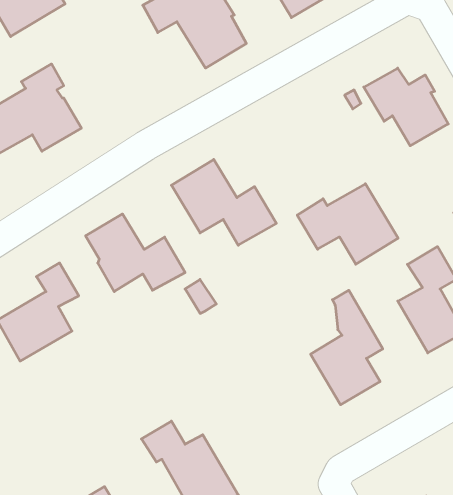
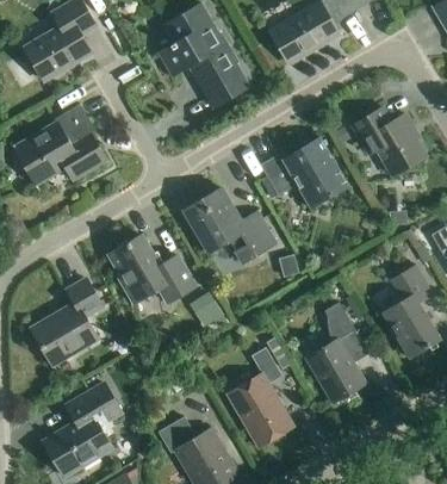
building: [297,184,398,264] -> [260,137,348,207]
building: none -> [226,346,293,446]
building: none -> [43,383,120,476]

